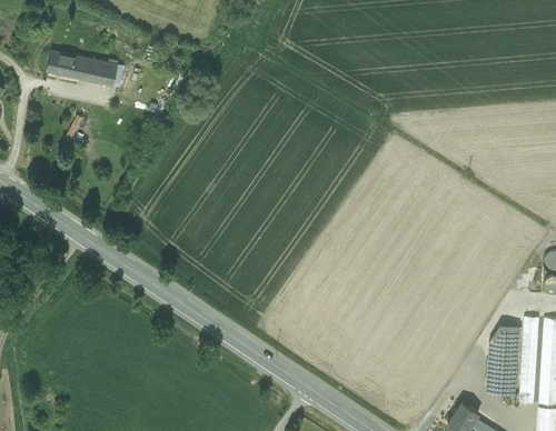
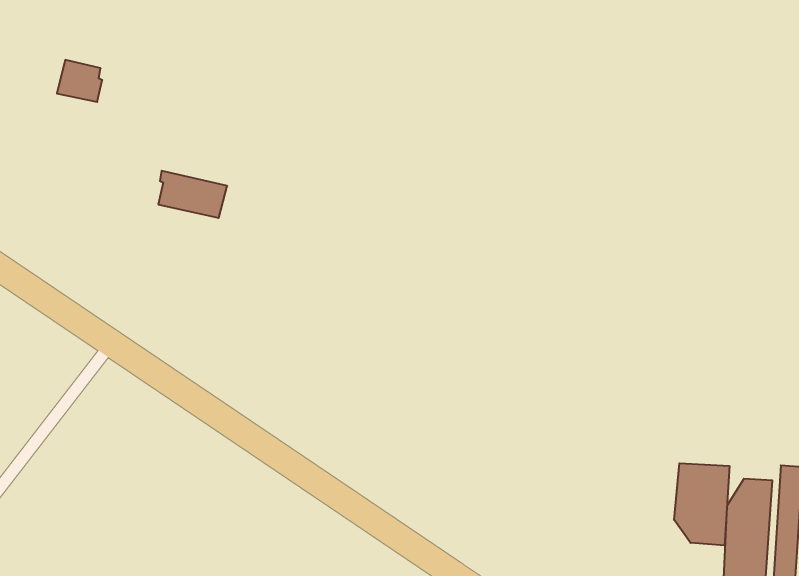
building: [72,56,118,87] -> [158,171,227,218]
building: none -> [674,463,729,545]

